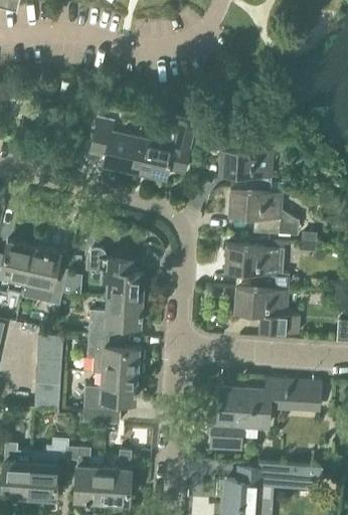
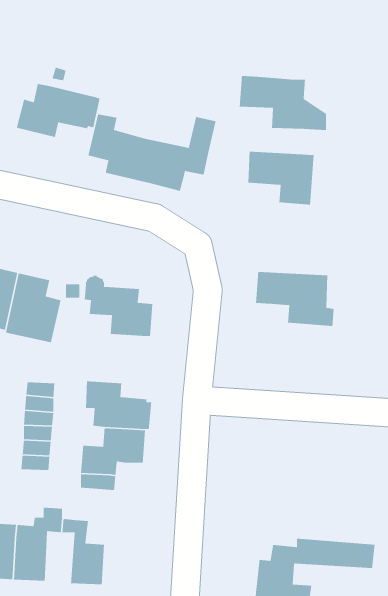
building: none -> [16,83,100,138]
building: [227,190,299,235] -> [239,75,327,131]
building: [234,288,299,333] -> none
building: [88,298,140,337] -> none
building: [210,378,322,451] -> none
building: [101,451,131,503] -> none

